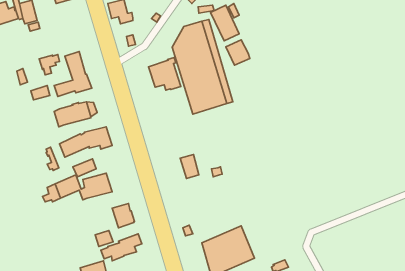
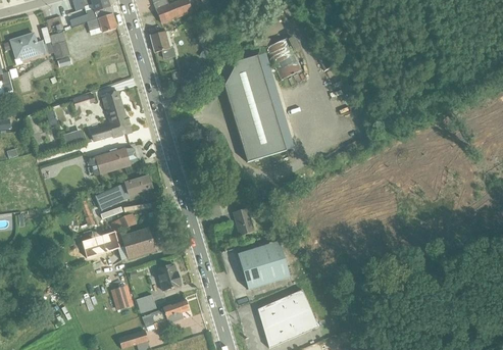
building: [226,40,250,65] -> none
building: [148,58,181,90] -> none
building: none -> [237,241,290,289]
building: none -> [110,284,133,309]

